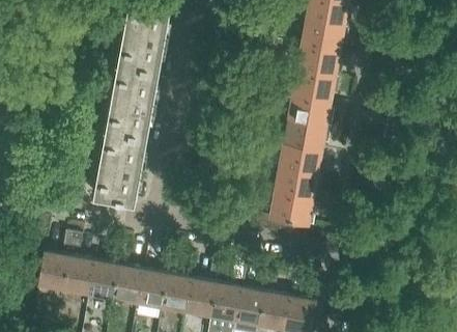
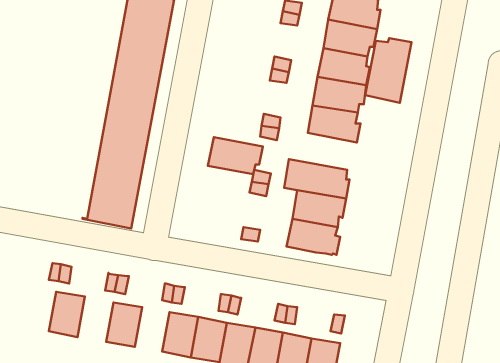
building: none -> [365,38,411,103]
building: [281,117,329,149] -> [208,137,263,174]
building: [37,251,67,289] -> none
building: [86,259,117,299] -> none
building: [136,269,166,307] -> none

